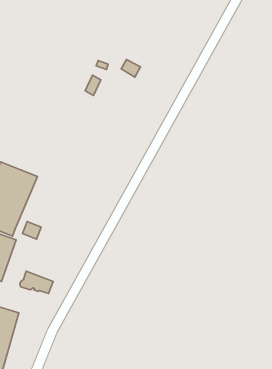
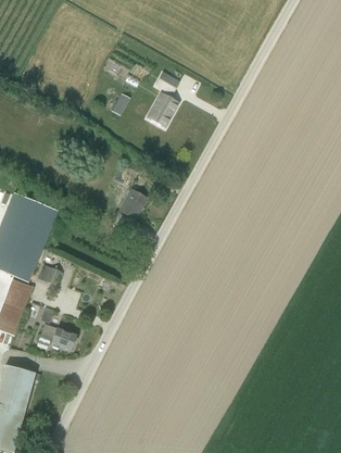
building: none -> [148,92,178,127]
building: none -> [119,189,147,218]

